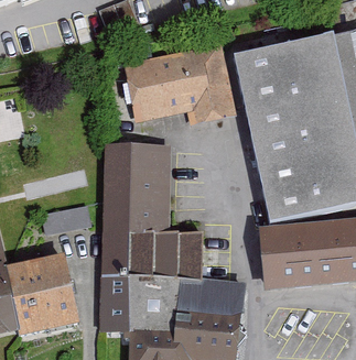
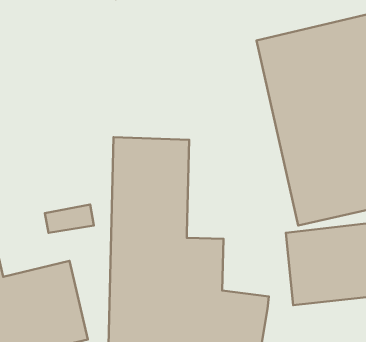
building: [122,43,226,120] -> none

